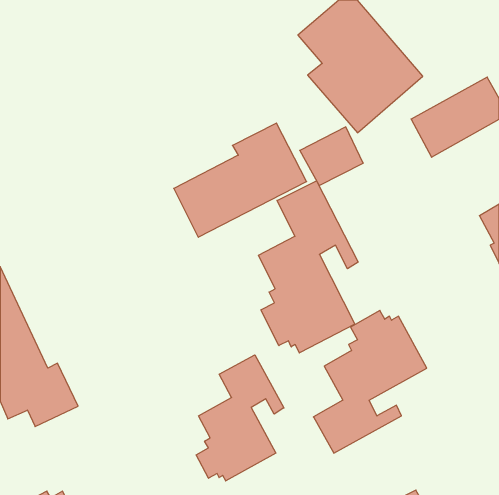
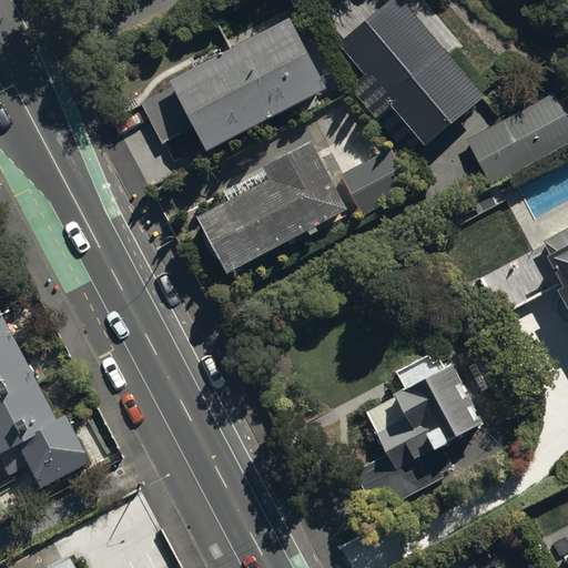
building: none -> [142,13,327,149]
building: [259,181,358,353] -> none
building: [196,355,284,481] -> none

